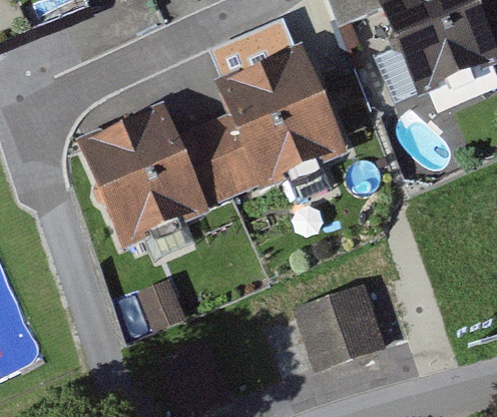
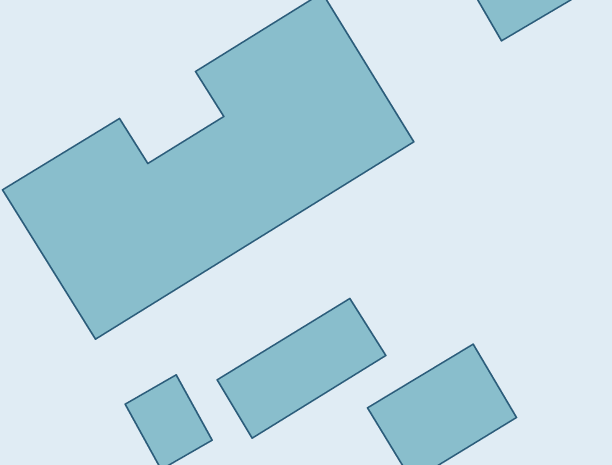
building: none -> [217,299,386,438]

